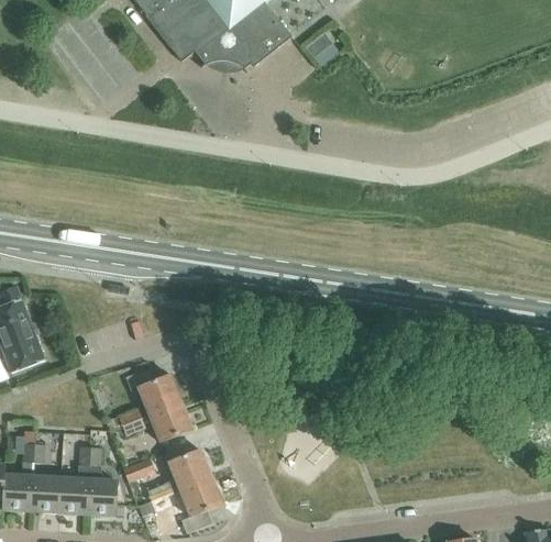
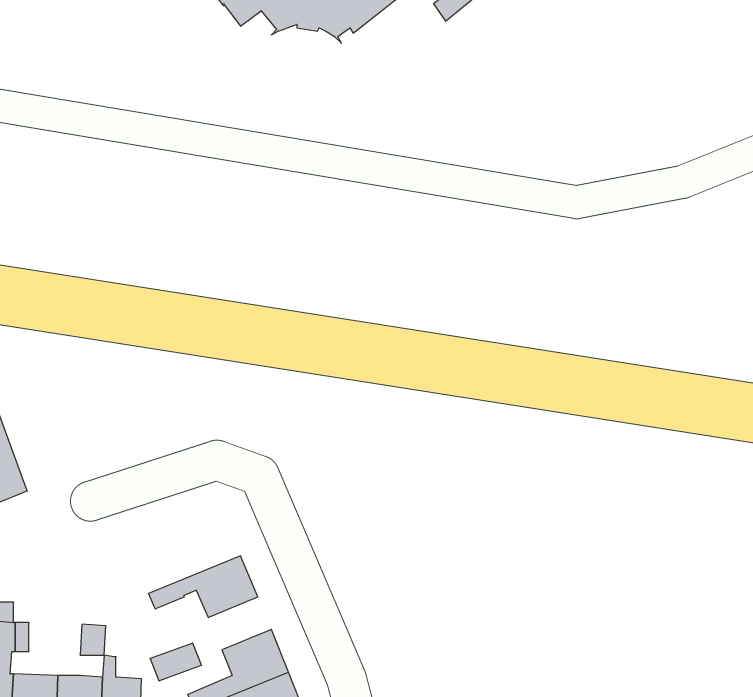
building: [106,368,181,430] -> none

